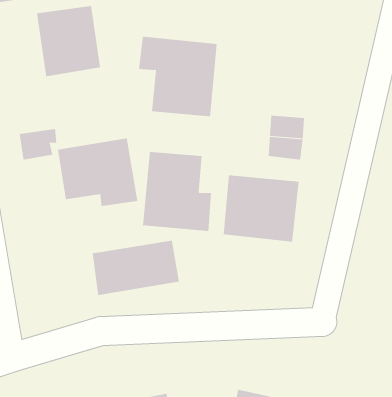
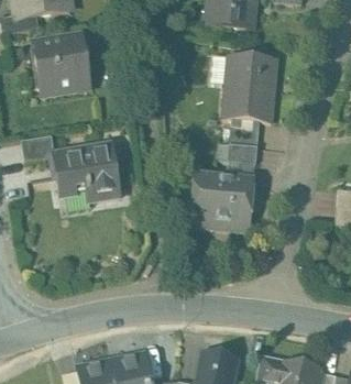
building: [138,36,218,117] -> [211,51,277,118]
building: [142,151,212,232] -> none
building: [92,240,179,296] -> none

